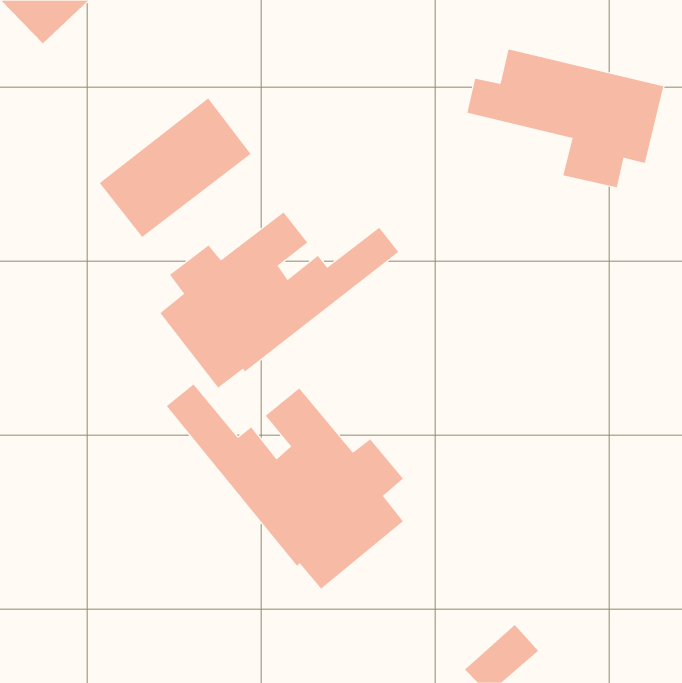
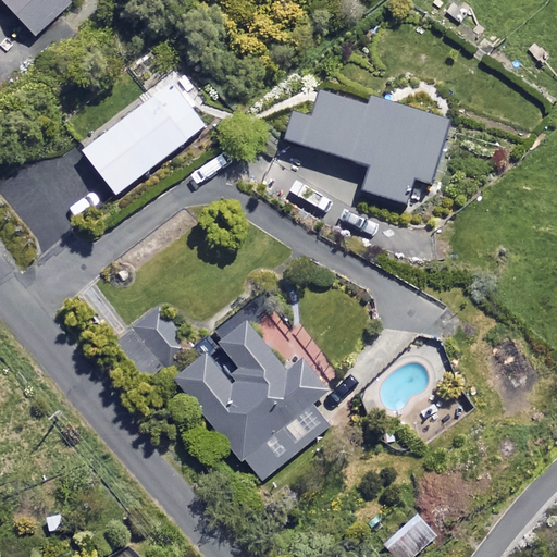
building: [466,49,664,188] -> [283,87,444,200]
building: [159,212,399,388] -> none

